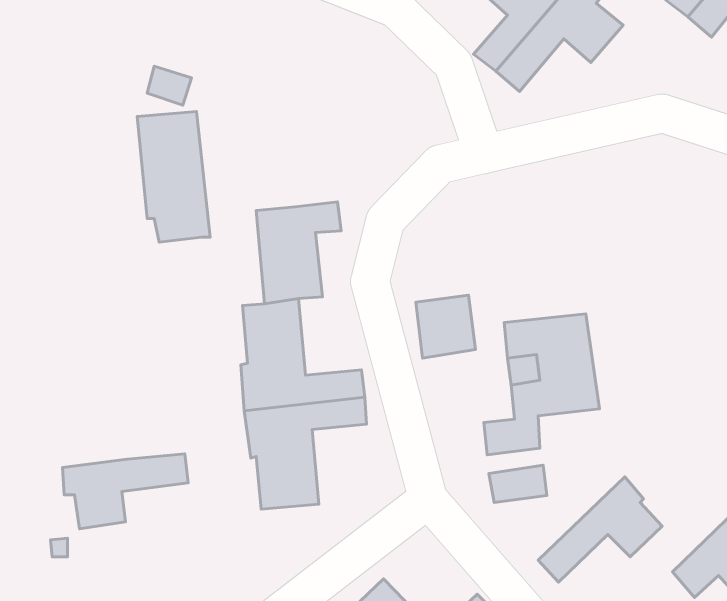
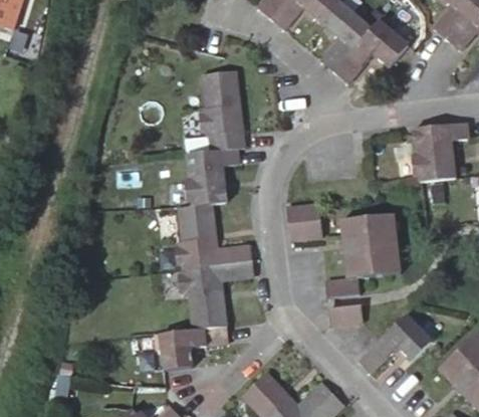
building: [137,111,210,242] -> [201,74,244,152]
building: none -> [410,125,465,184]
building: [62,454,188,529] -> [156,328,230,372]

